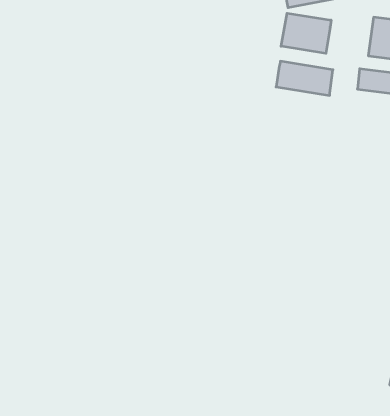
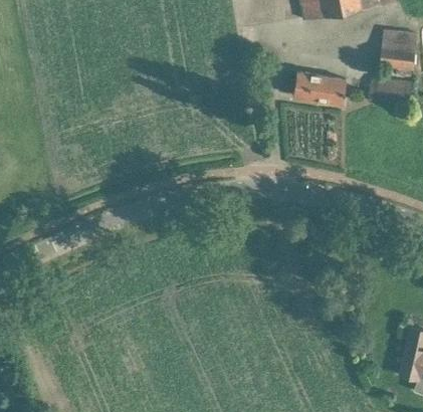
building: [281,13,331,53] -> none

